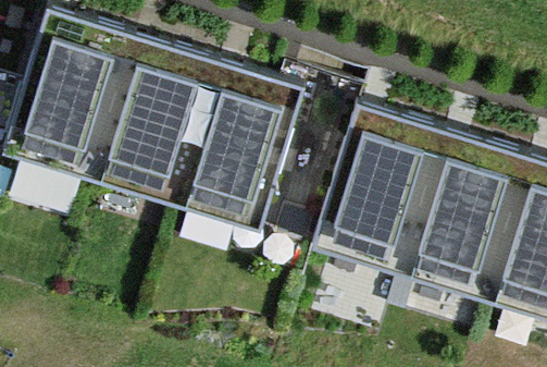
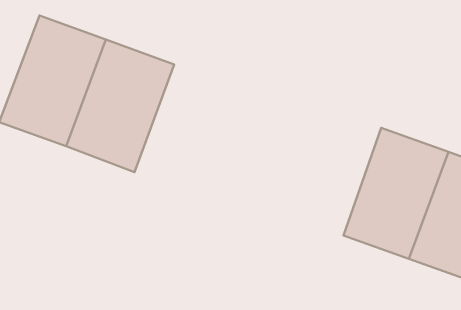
building: [167,83,293,234] -> none
building: [325,127,446,277] -> none

